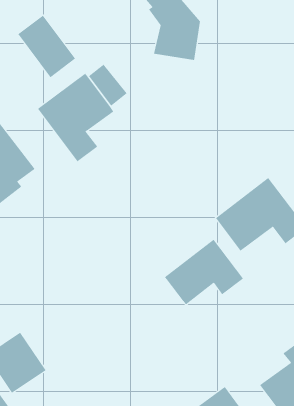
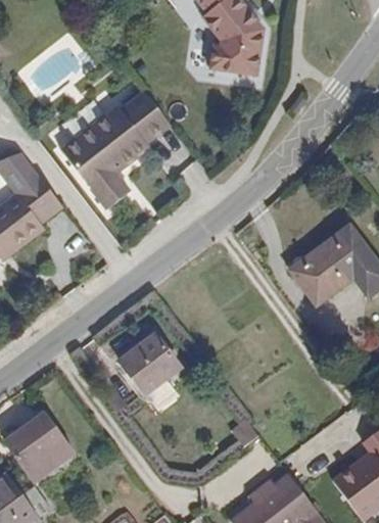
building: [17,15,76,78] -> none
building: [164,239,244,305] -> none
building: none -> [112,330,183,400]

